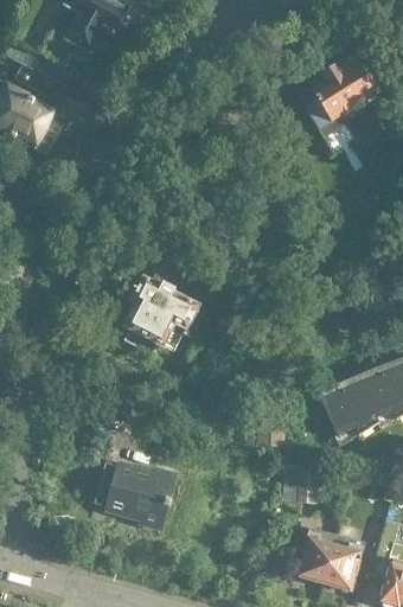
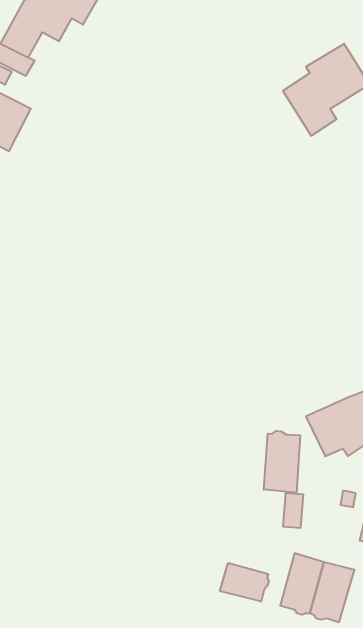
building: [123,264,198,351] -> none
building: none -> [264,431,300,493]
building: [109,464,175,524] -> none
building: none -> [220,563,269,602]

